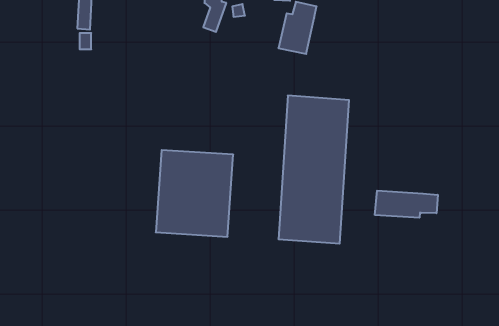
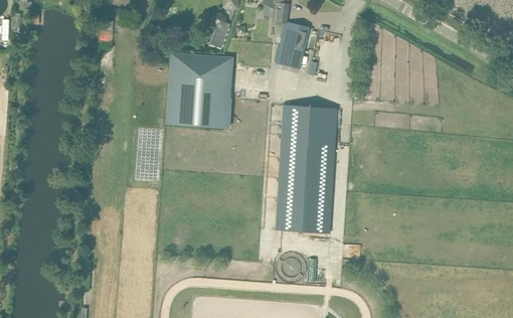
building: [156,150,233,237] -> [165,53,232,129]
building: [375,191,438,218] -> none

